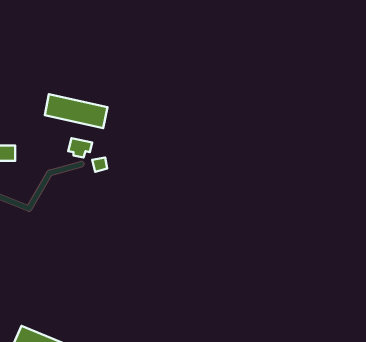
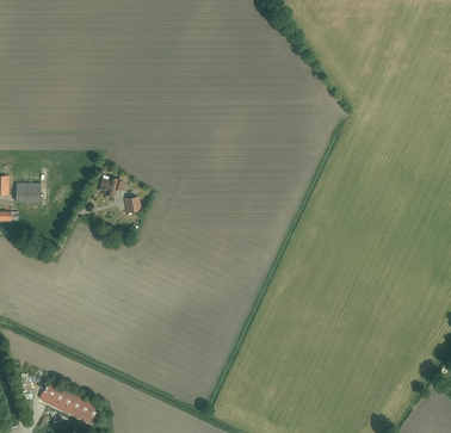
building: [45,94,108,128] -> none

